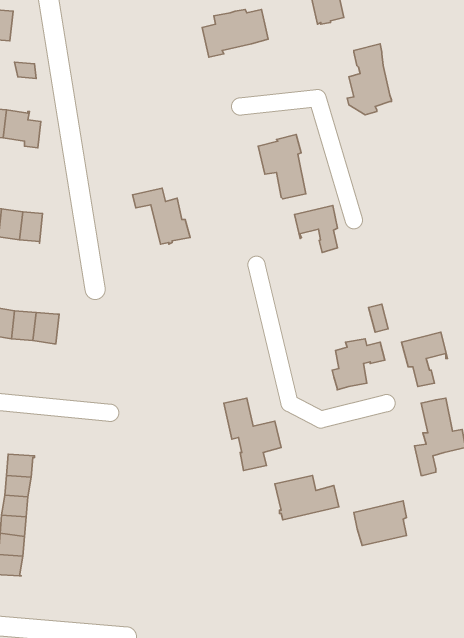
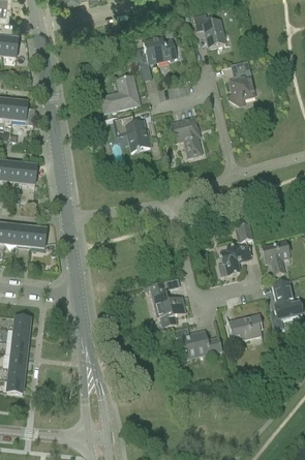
building: none -> [101,74,136,111]
building: [133,188,190,244] -> [114,115,150,150]
building: [295,206,338,252] -> none
building: [354,501,406,545] -> [227,313,261,341]

